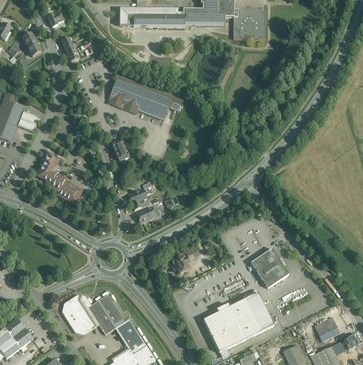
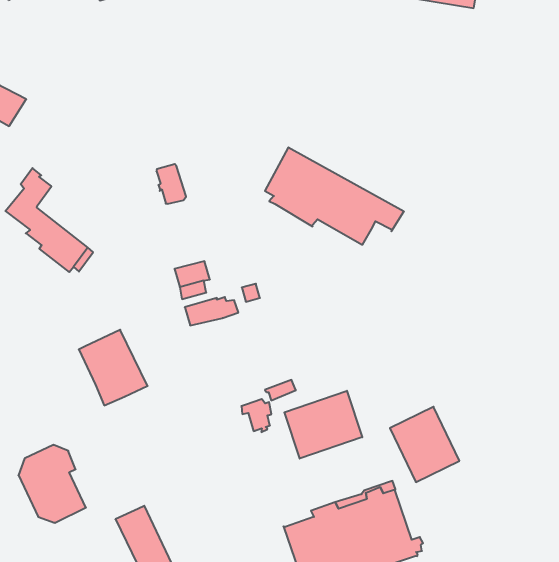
building: [109,74,183,119] -> [265,147,404,245]
building: none -> [284,391,362,459]
building: [88,293,126,333] -> [79,330,148,405]

